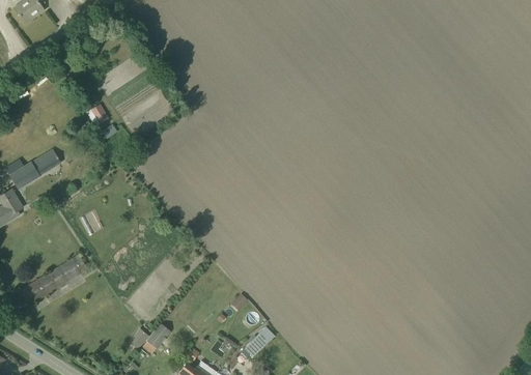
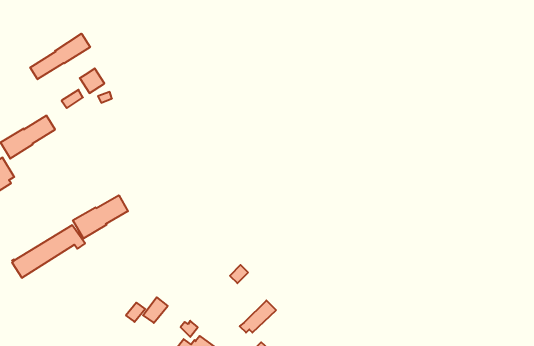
building: none -> [30,34,90,79]
building: none -> [73,195,128,238]

